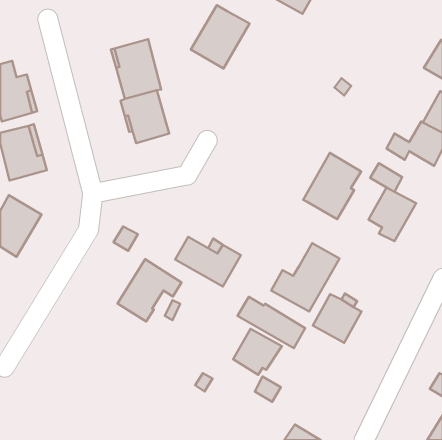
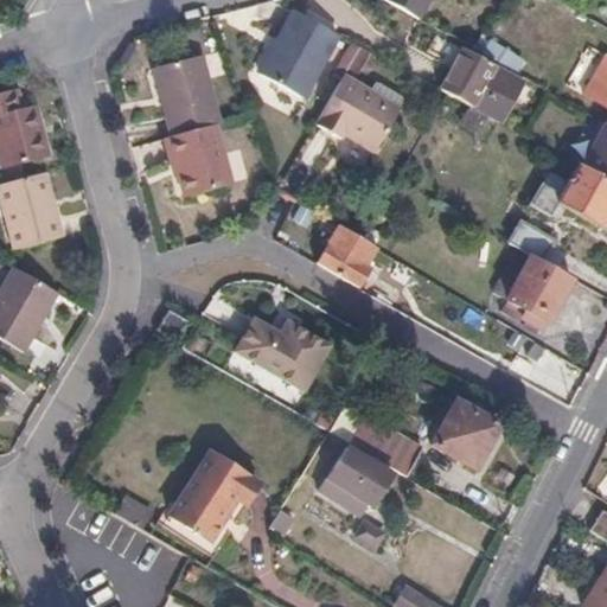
building: none -> [439,45,523,122]
building: none -> [315,74,403,149]
building: [303,153,361,219] -> none
building: none -> [315,225,375,287]
building: [271,243,339,312] -> none
building: [117,259,182,322] -> [168,453,256,538]

